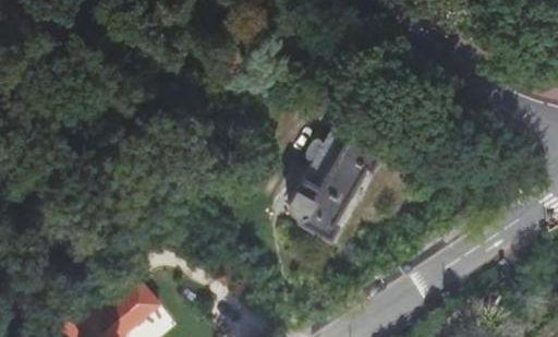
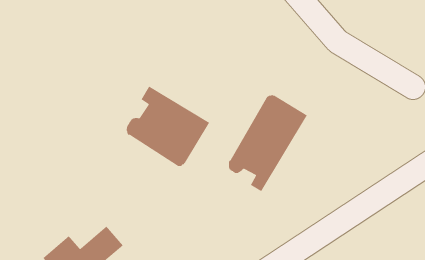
building: none -> [126,86,210,167]

